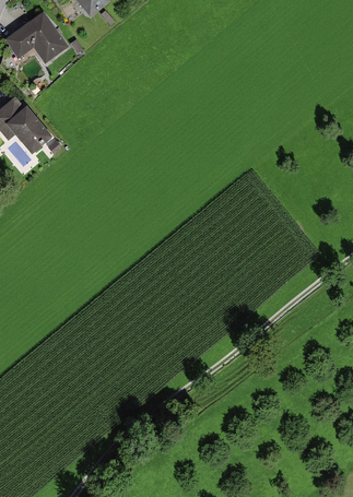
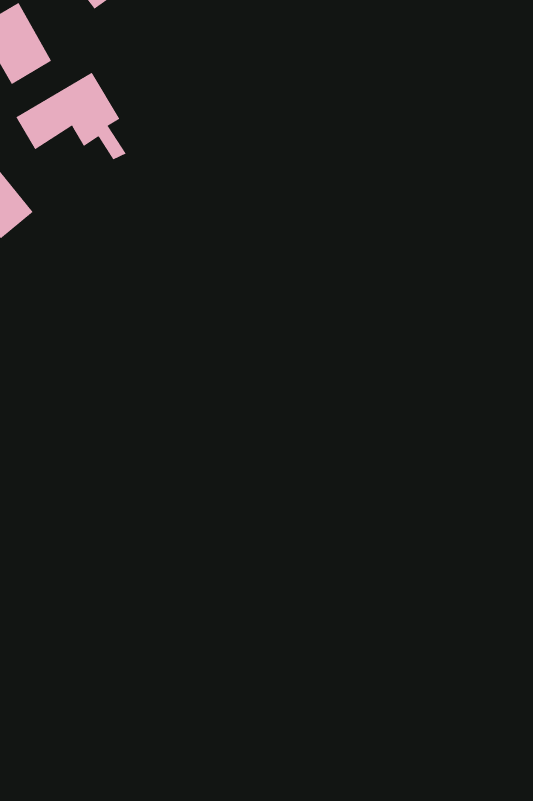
building: none -> [16,72,126,160]

